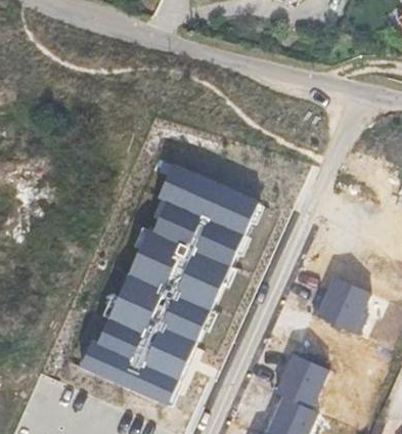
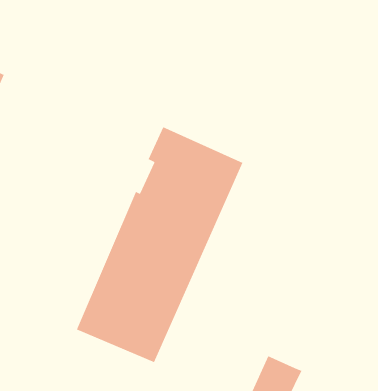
building: [310,276,368,335] -> none
building: [274,353,326,408] -> none

